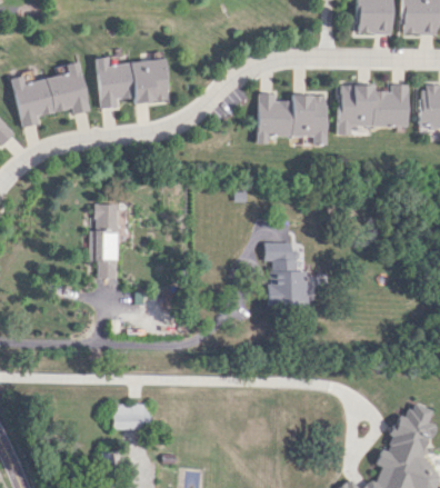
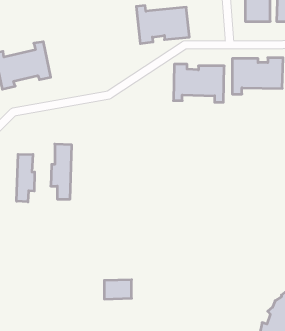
building: [94,57,168,109] -> [136,6,189,44]
building: none -> [17,154,35,202]
building: [264,242,307,308] -> none
building: [112,404,150,430] -> [104,280,132,299]

